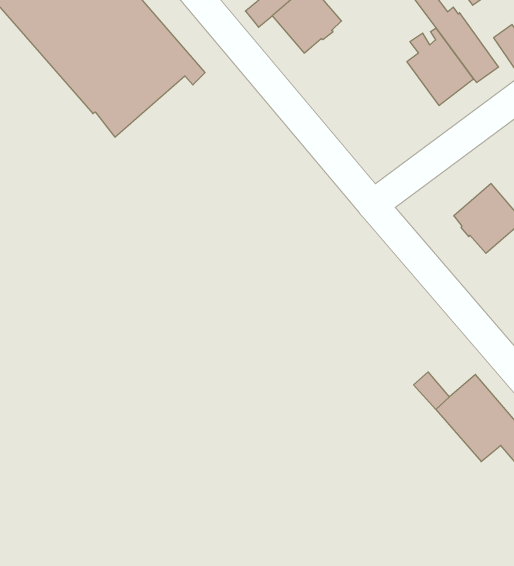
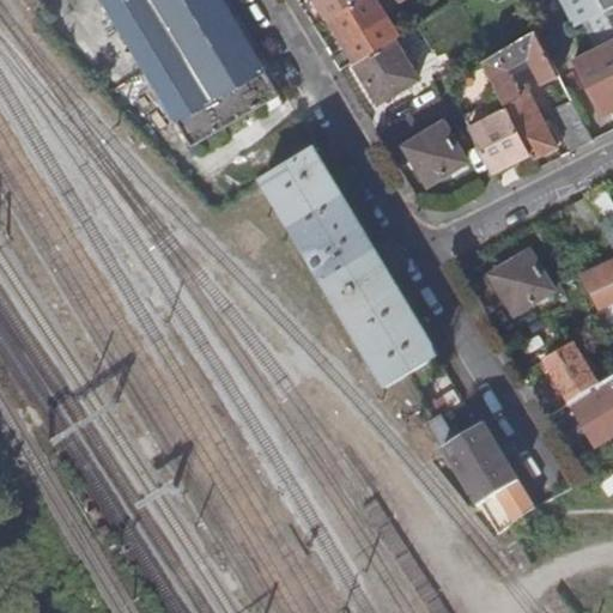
building: none -> [403,122,466,184]
building: none -> [262,153,437,388]

